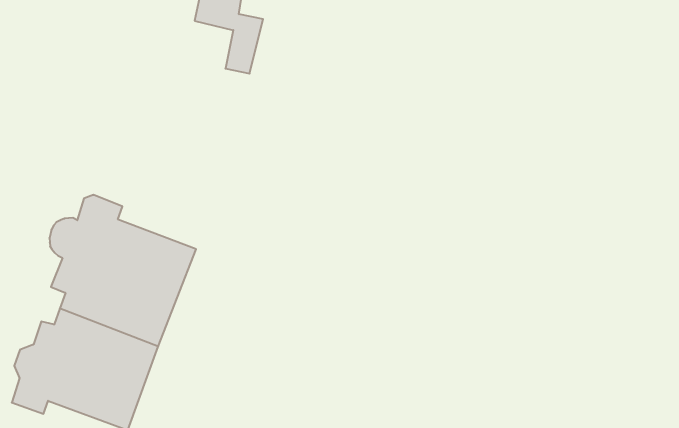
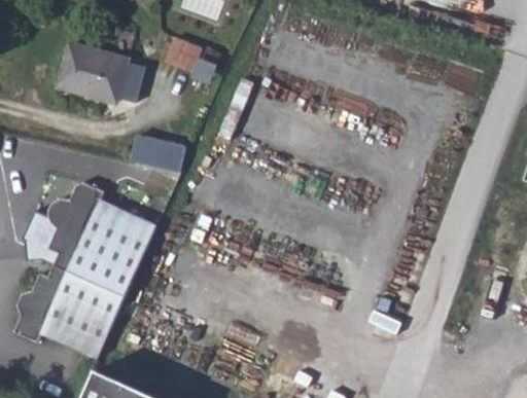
building: none -> [57,46,143,105]
building: none -> [131,138,186,174]

